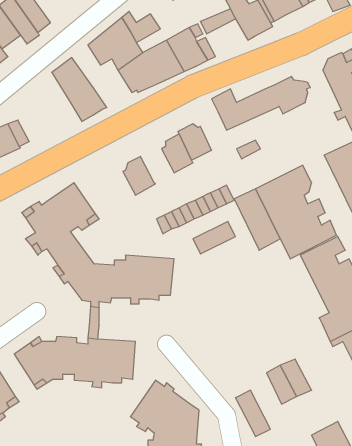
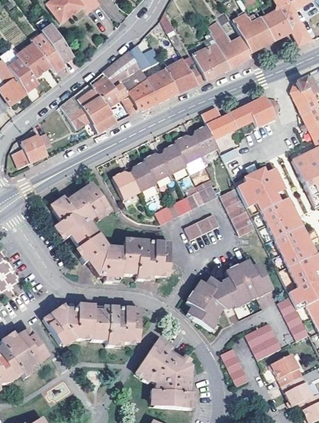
building: none -> [197,51,230,80]
building: none -> [89,72,137,113]
building: none -> [60,94,90,129]
building: none -> [192,125,217,156]
building: none -> [143,153,171,182]
building: none -> [112,171,140,199]
building: none -> [184,259,271,329]
building: none -> [277,296,308,340]
building: none -> [270,353,302,384]

